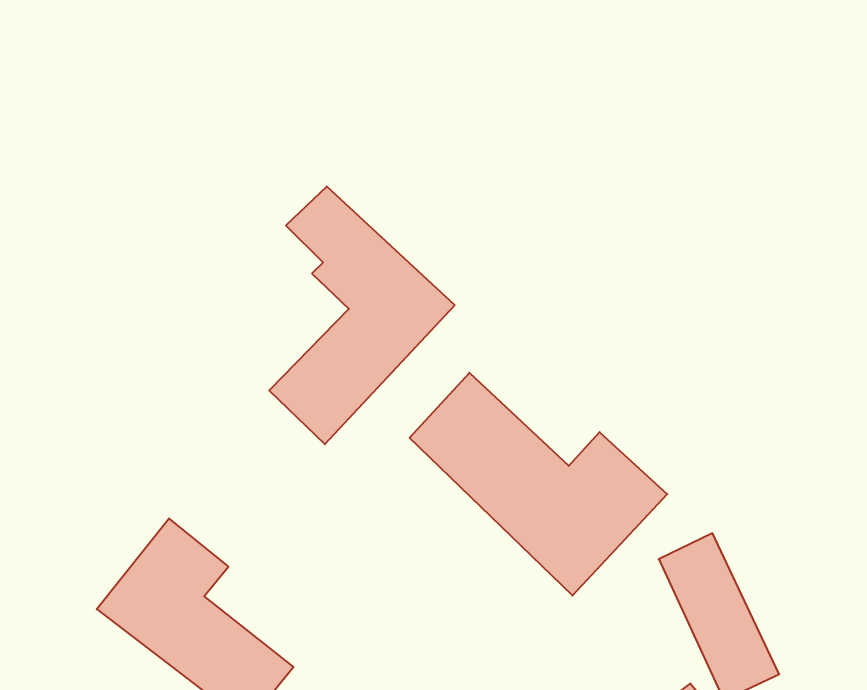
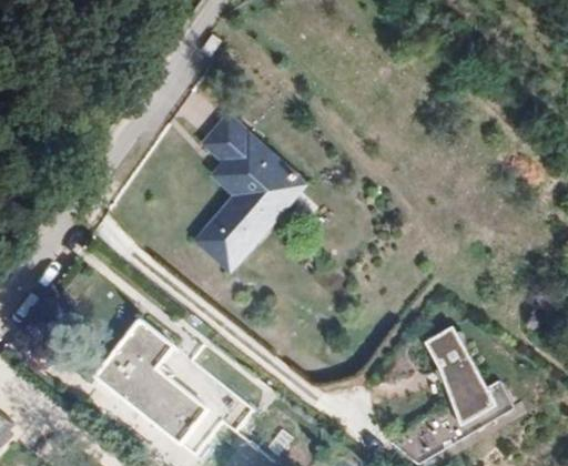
building: [410,373,667,596] -> none

